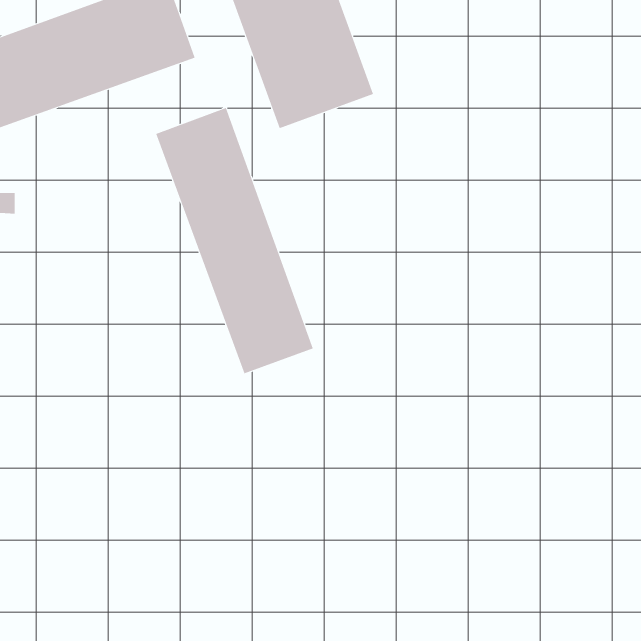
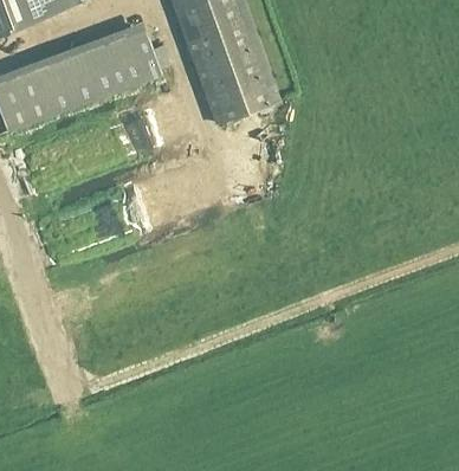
building: [156,107,314,374] -> none

